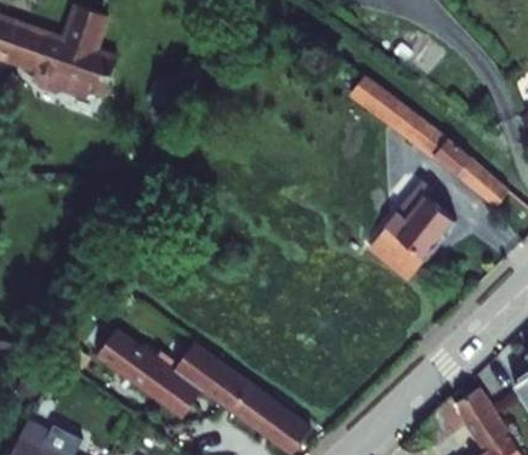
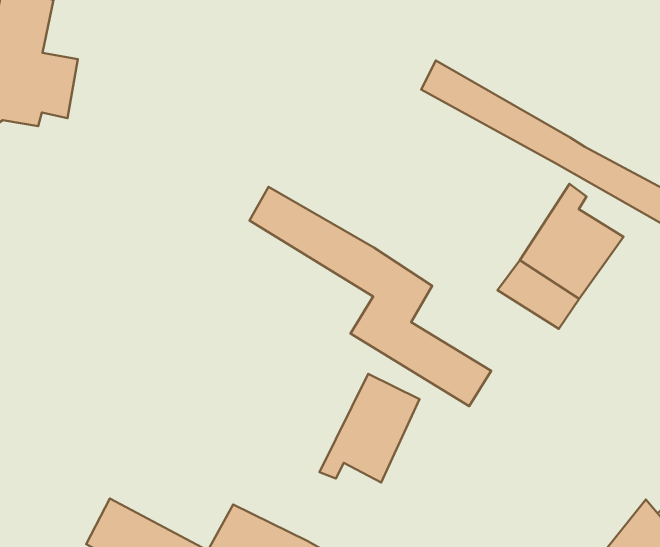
building: none -> [249,187,491,406]
building: none -> [320,374,420,482]

